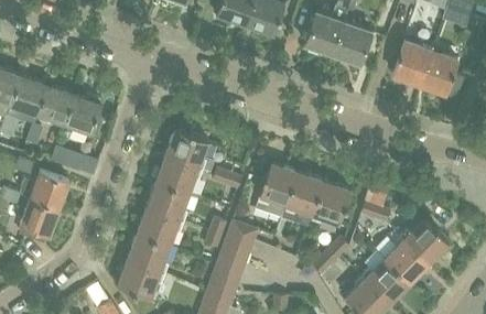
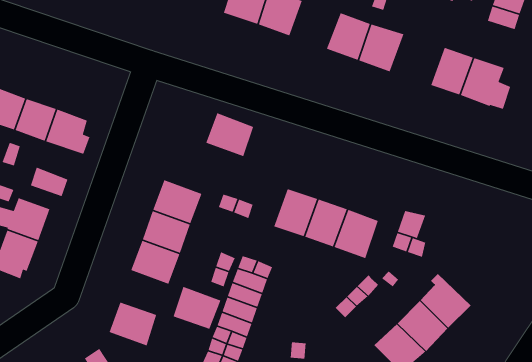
building: [165,129,207,167] -> [205,112,254,157]
building: [400,219,449,263] -> none
building: [128,234,170,271] -> [173,286,221,330]

